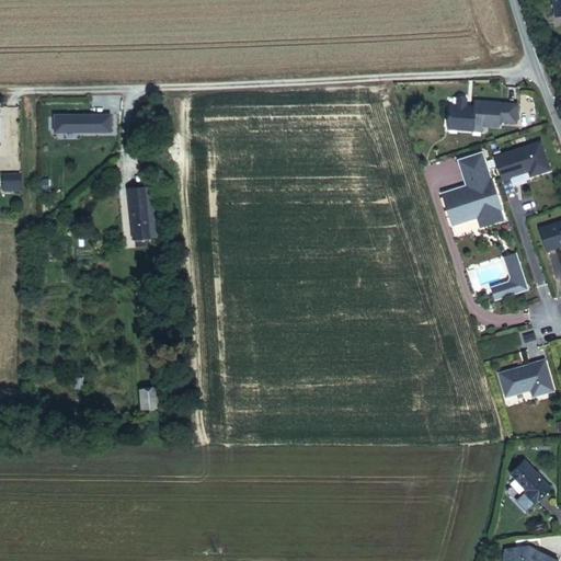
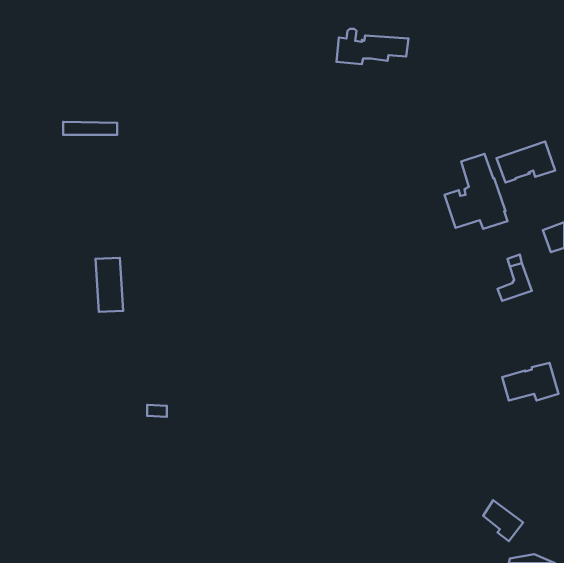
building: [446,95,517,130] -> [337,29,408,64]
building: [127,192,154,245] -> [96,258,123,312]
building: [510,459,549,500] -> [483,500,523,541]

